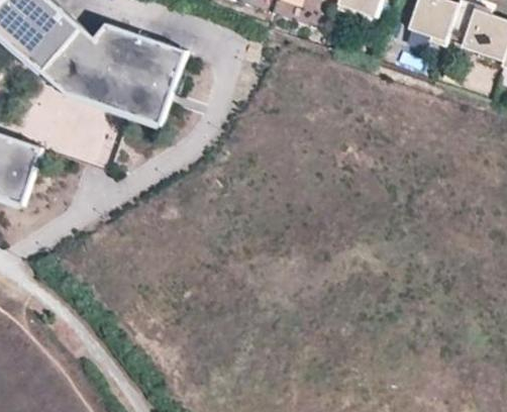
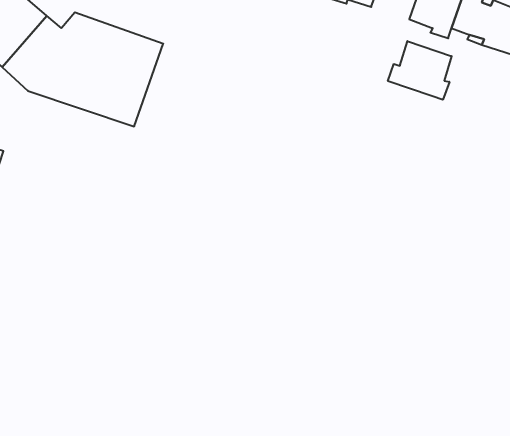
building: none -> [388,41,452,100]

